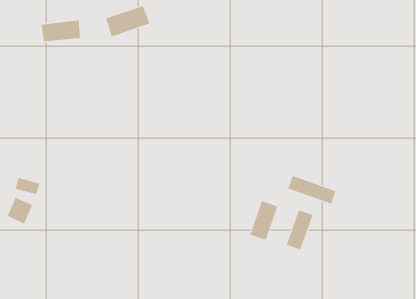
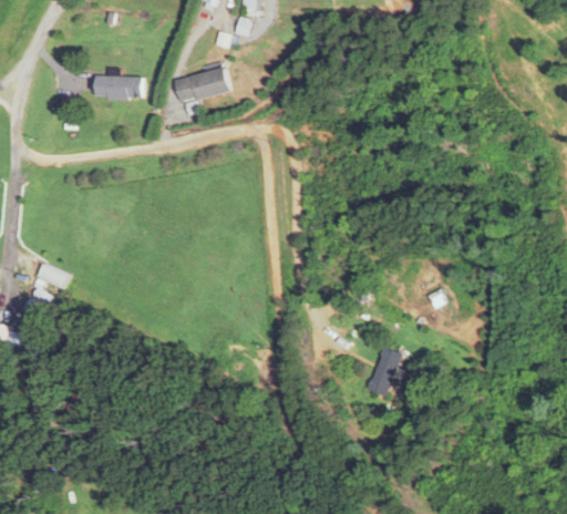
building: [288,175,336,205] -> none
building: [249,200,278,240] -> none

